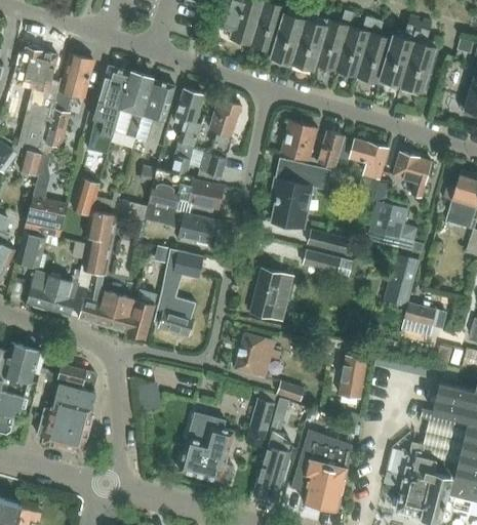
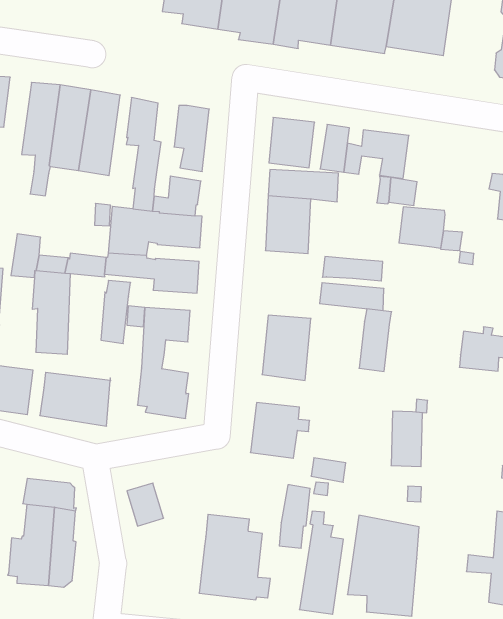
building: [393,153,431,198] -> none
building: [387,254,418,304] -> [359,309,392,371]
building: [127,290,156,339] -> [101,280,131,344]

